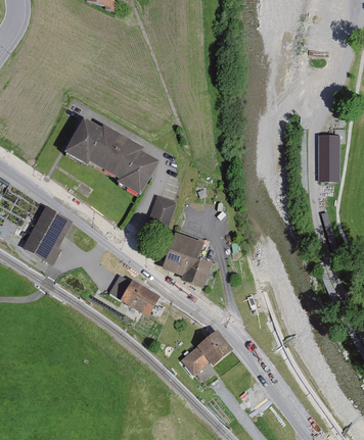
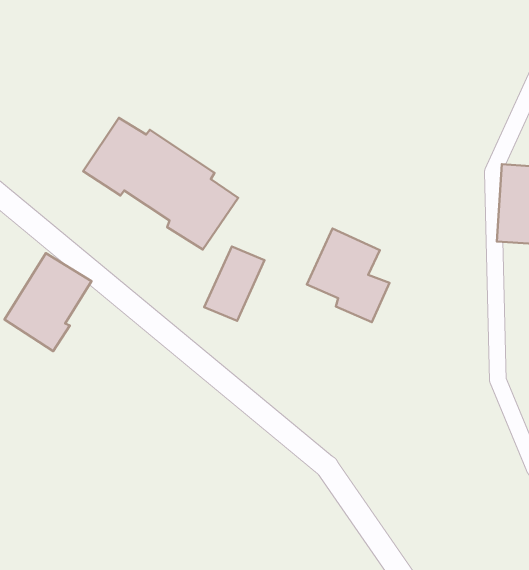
building: [162,233,212,288] -> [307,229,390,322]
building: [120,279,160,315] -> none
building: [180,329,232,373] -> none

